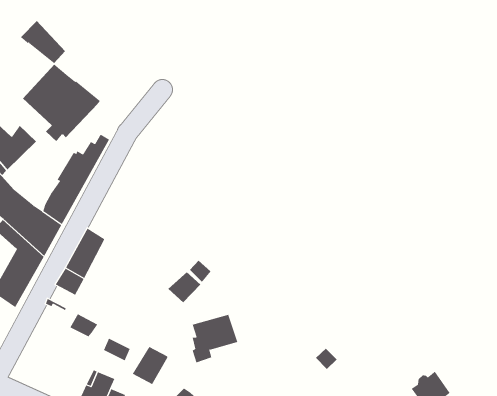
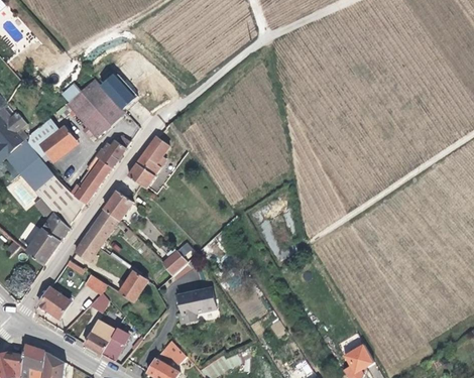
building: [20,20,66,64] -> [101,77,135,112]
building: none -> [128,137,166,187]
building: none -> [105,191,131,219]
building: none -> [39,288,70,320]
building: [132,346,168,385] -> [119,272,148,302]

